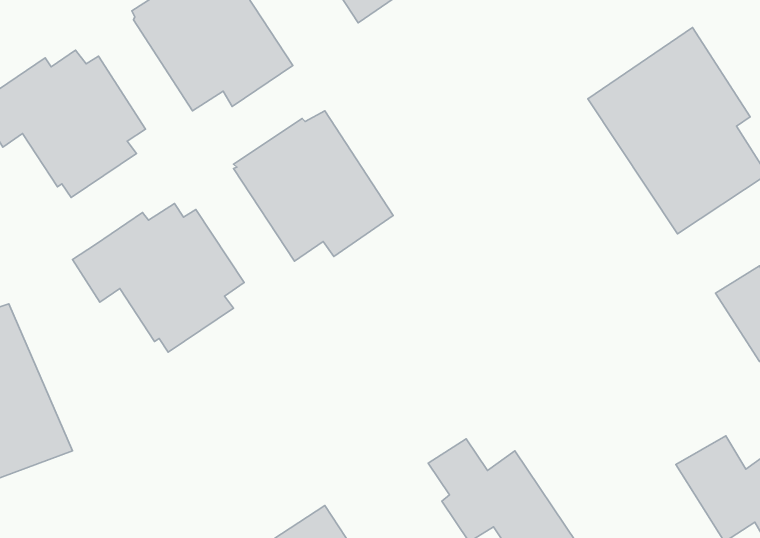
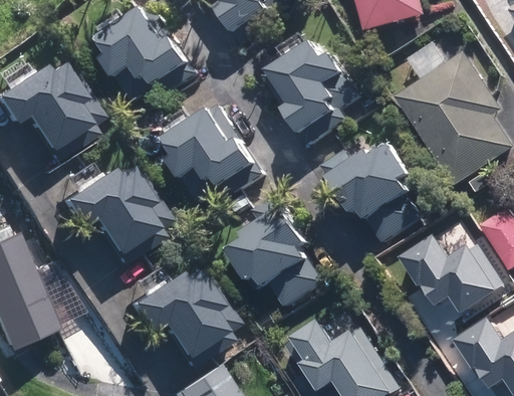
building: none -> [262,40,362,144]
building: none -> [323,143,425,244]
building: none -> [226,193,323,307]
building: none -> [398,234,501,311]
building: none -> [123,270,237,369]

